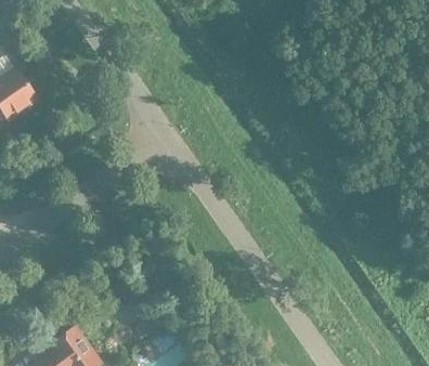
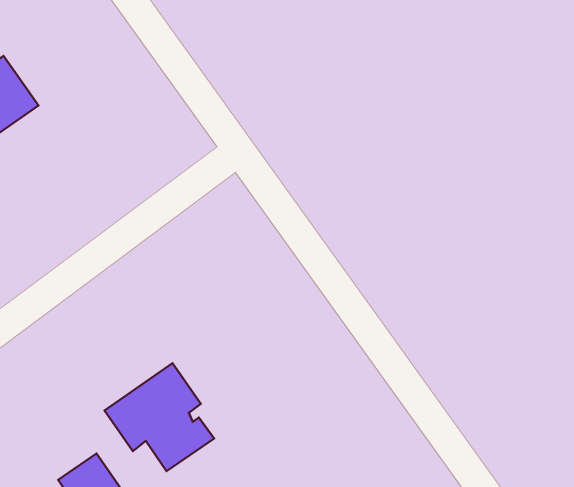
building: none -> [104,363,214,471]

